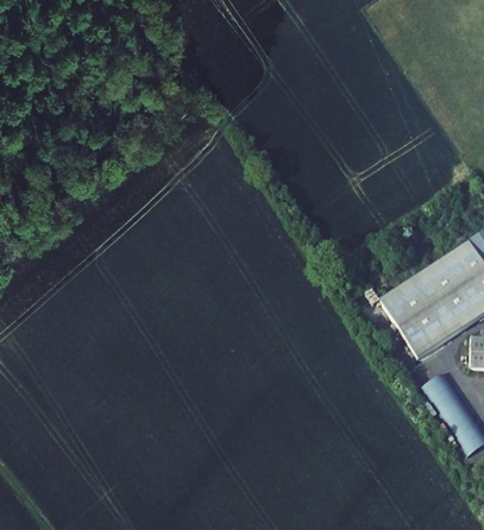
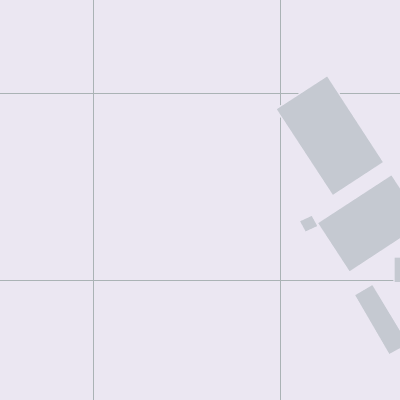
building: none -> [276,76,384,196]

